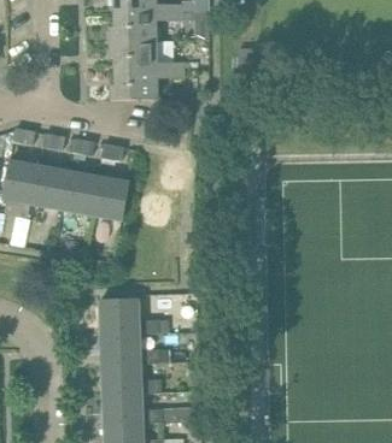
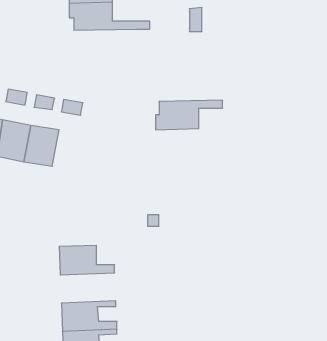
building: [111,69,182,100] -> [156,100,223,130]
building: [92,176,128,220] -> none
building: [100,327,159,360] -> none

